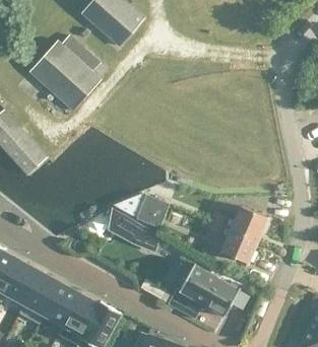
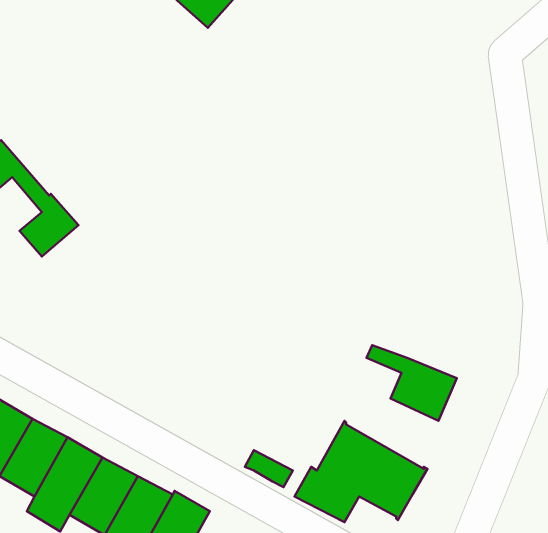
building: [29,36,101,110] -> none
building: [137,195,169,226] -> none
building: [210,206,266,239] -> none
building: [105,207,149,240] -> none

